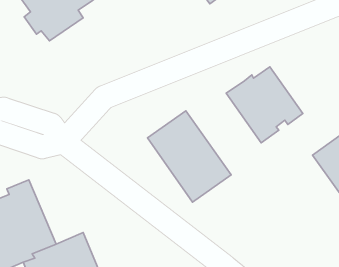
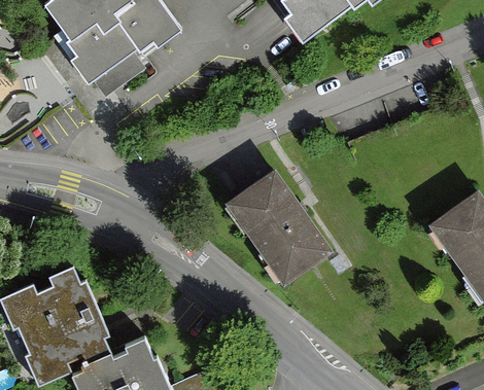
building: [226,67,303,143] -> none

